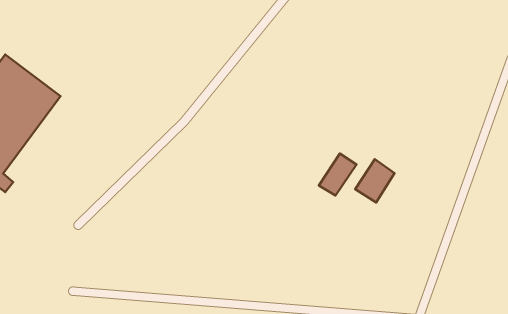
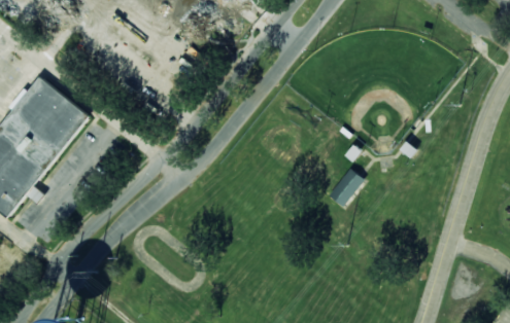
building: [355,159,395,202] -> none

